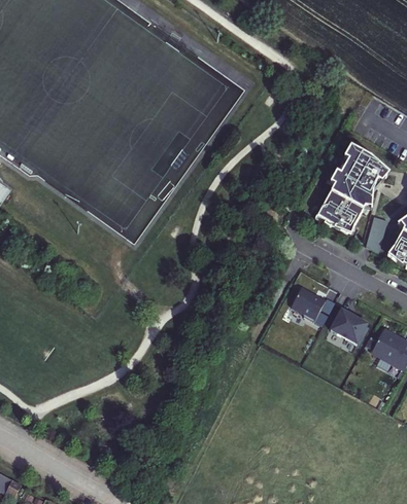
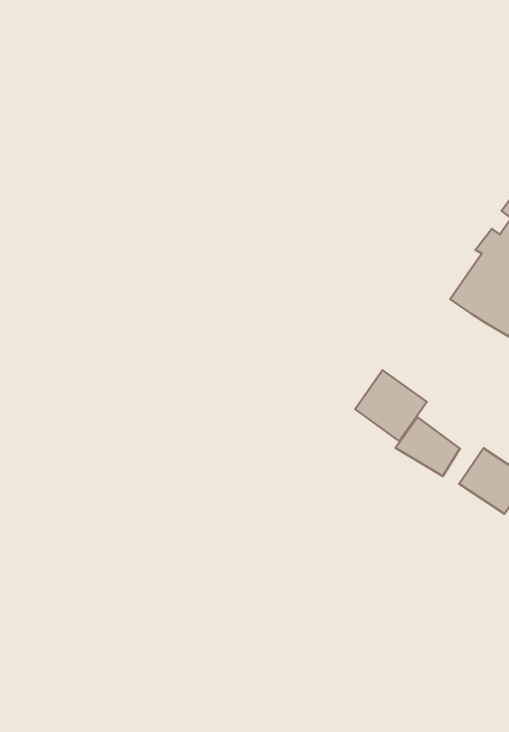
building: none -> [355,370,427,441]

